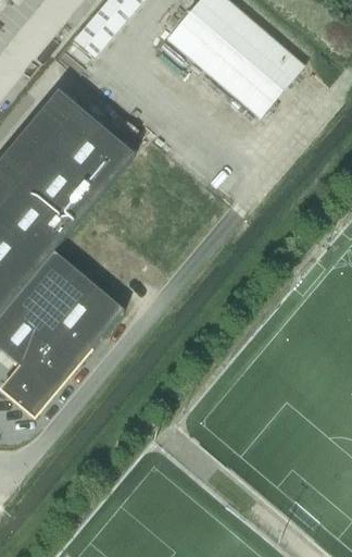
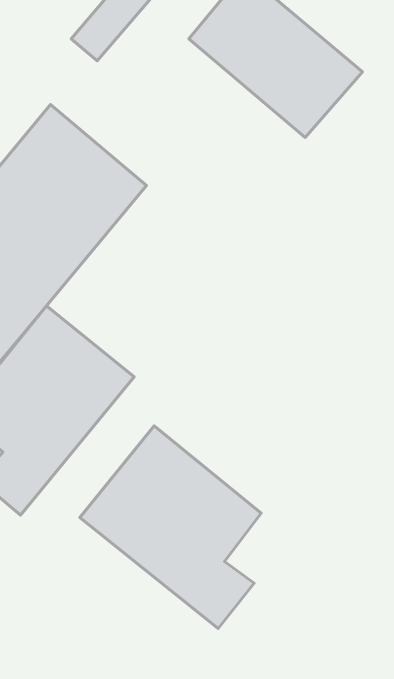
building: none -> [80,426,261,629]

